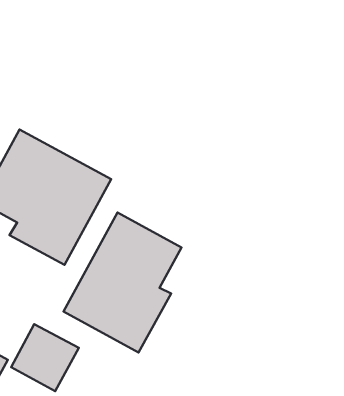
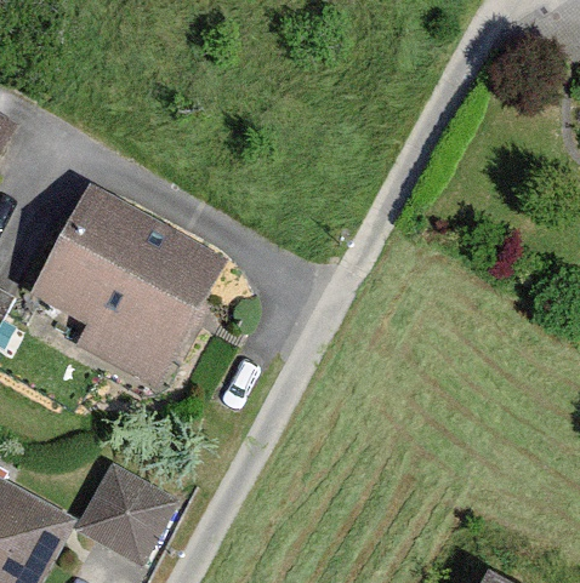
building: [64,213,182,353] -> none

